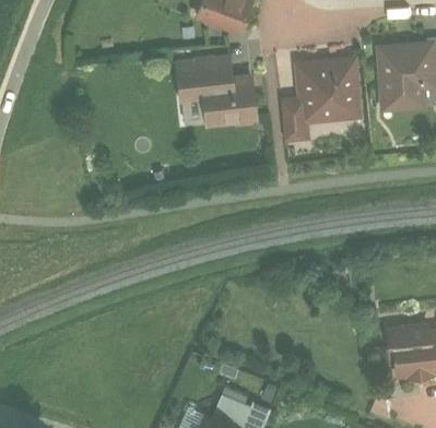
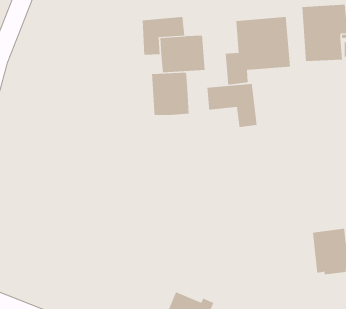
building: none -> [152,72,189,116]
building: none -> [207,83,257,128]

